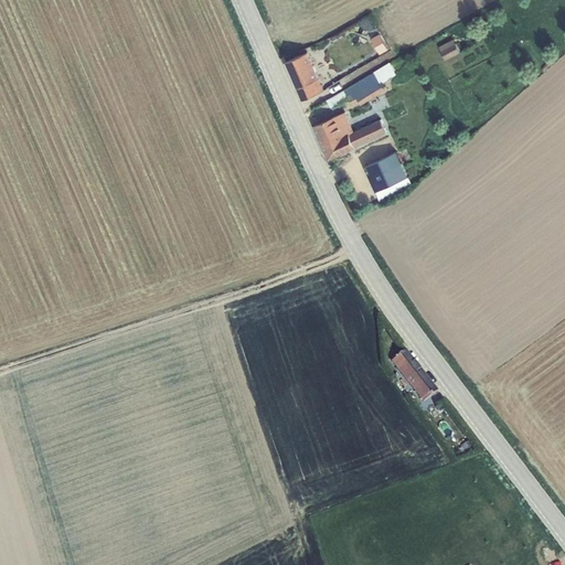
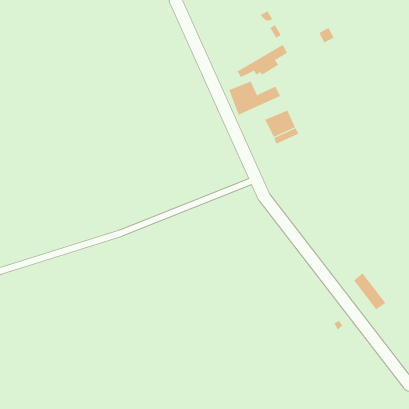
building: [286,52,323,100] -> none
building: [390,351,435,403] -> [353,272,386,310]

